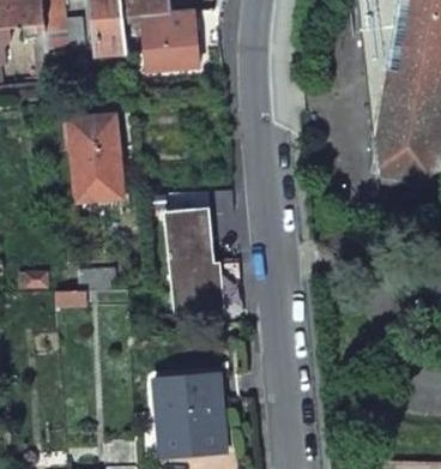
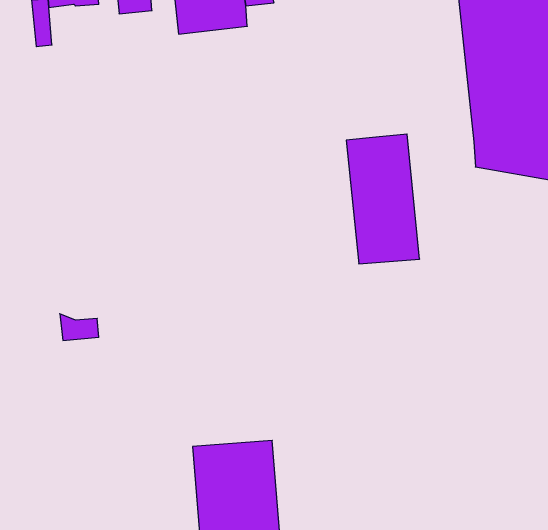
building: [72,114,122,197] -> none
building: [164,210,221,309] -> [346,134,420,264]

